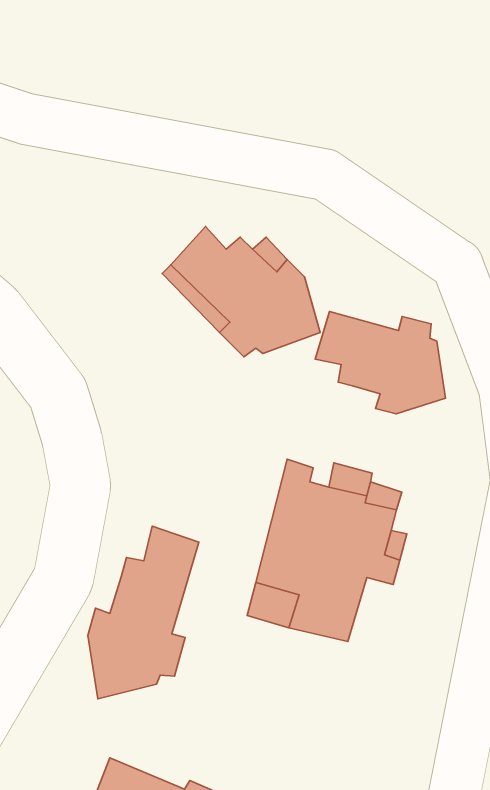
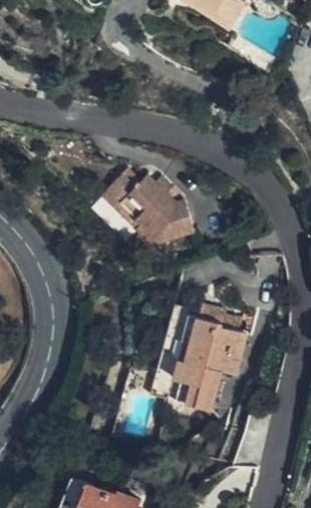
building: [315,312,445,414] -> none
building: [88,526,199,699] -> none

